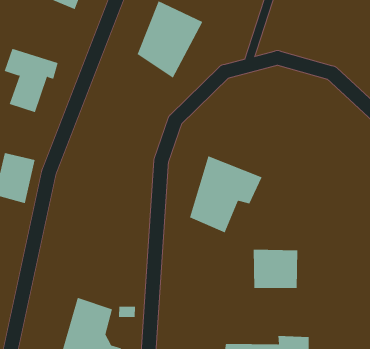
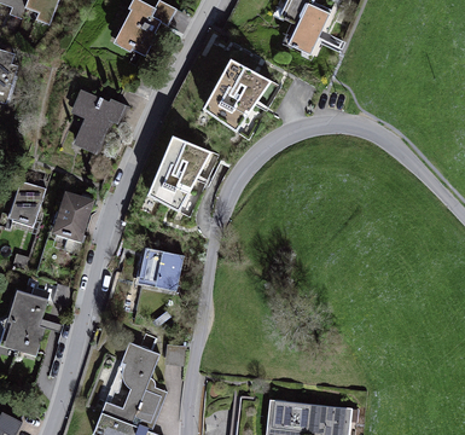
building: [189,156,262,233] -> [147,130,222,208]
building: none -> [139,246,181,286]
building: [253,249,298,289] -> none

